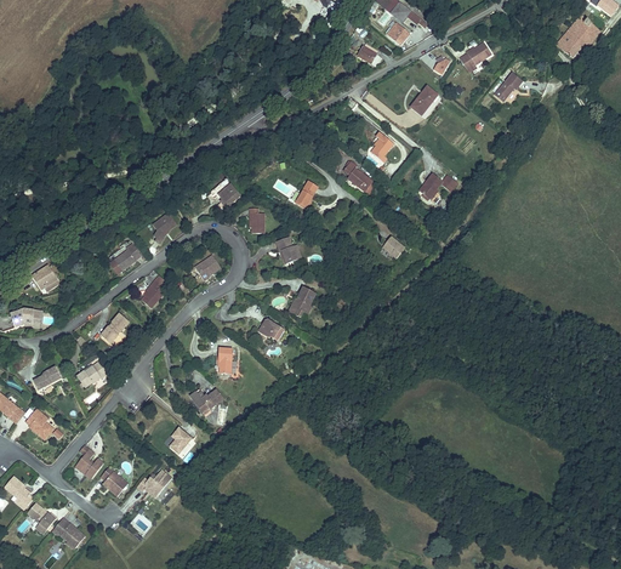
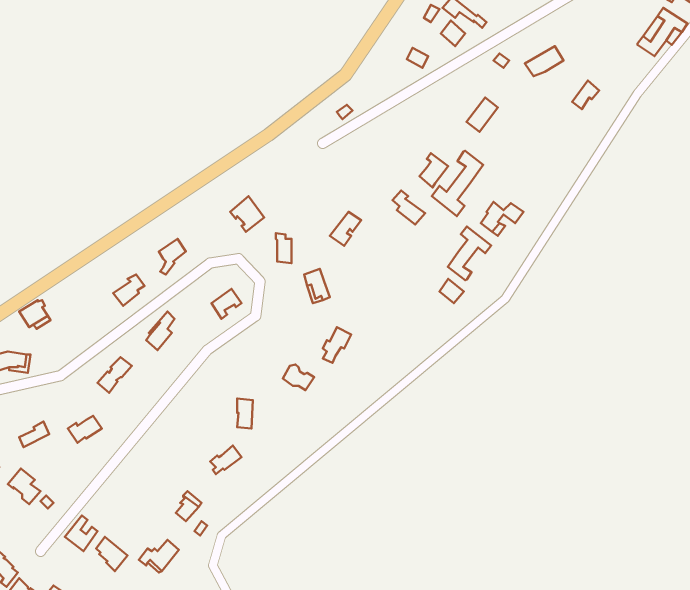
building: none -> [432,151,483,216]
building: none -> [448,226,491,280]

